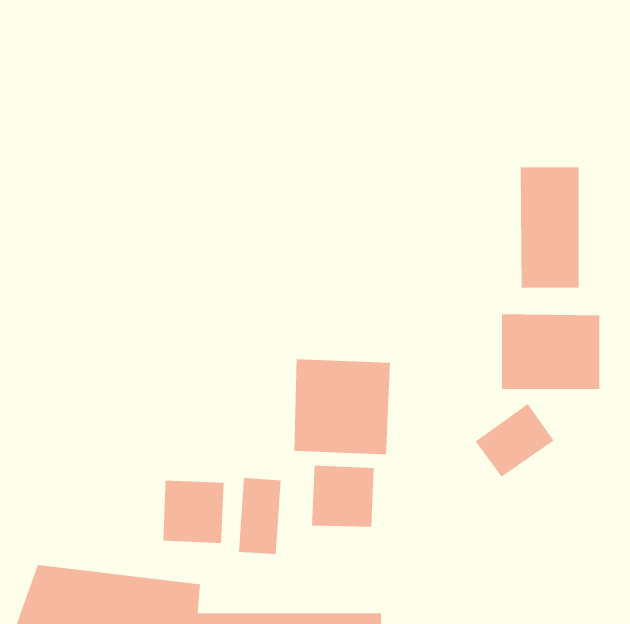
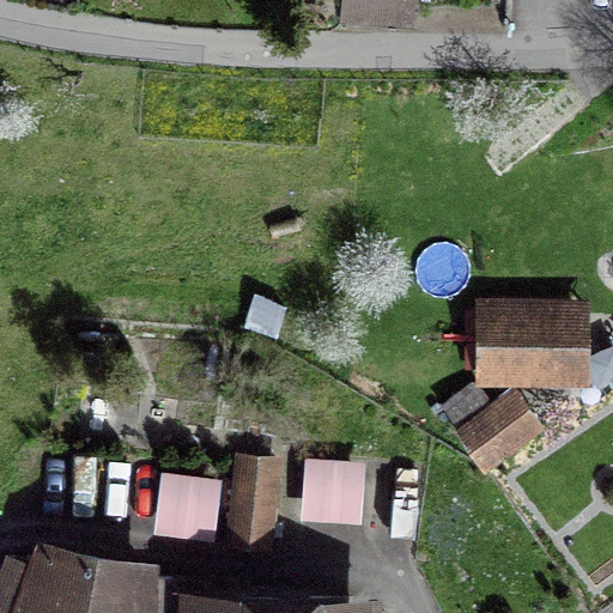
building: [520,166,579,288] -> none
building: [294,358,390,455] -> none

